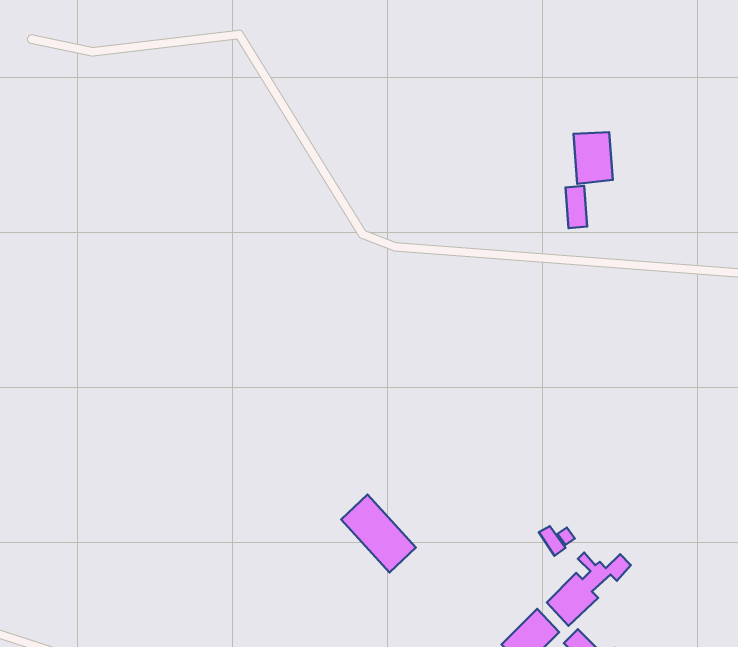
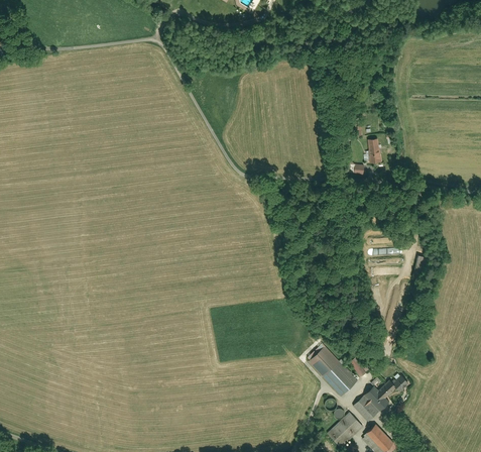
building: [573,132,613,184] -> none
building: [341,495,416,573] -> [309,346,357,397]

